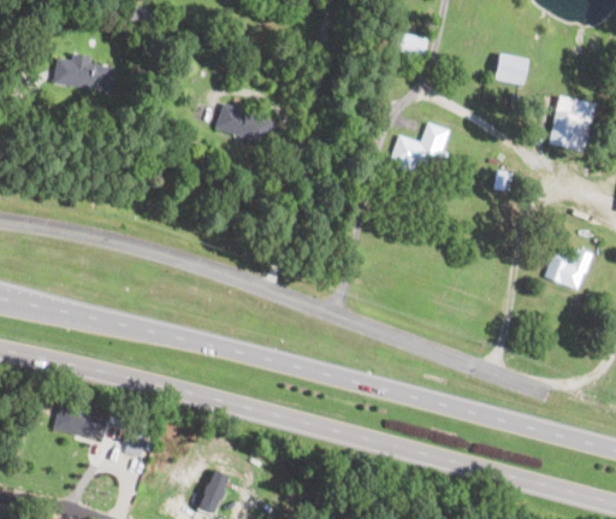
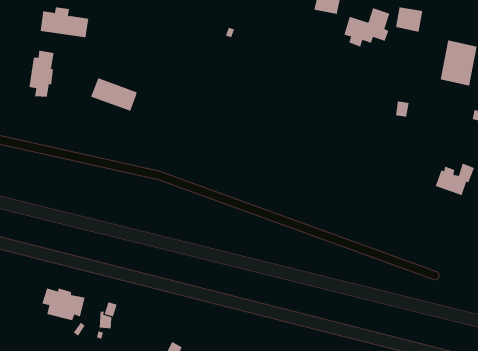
building: [214,102,273,145] -> [90,78,138,112]
building: none -> [29,50,54,98]
building: [390,123,448,172] -> [343,8,390,47]

